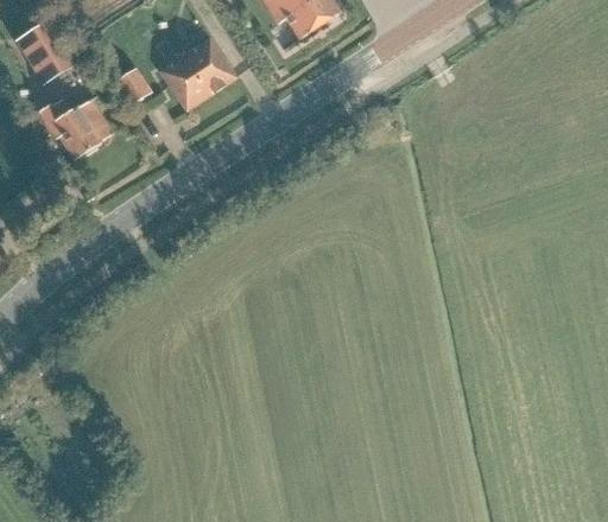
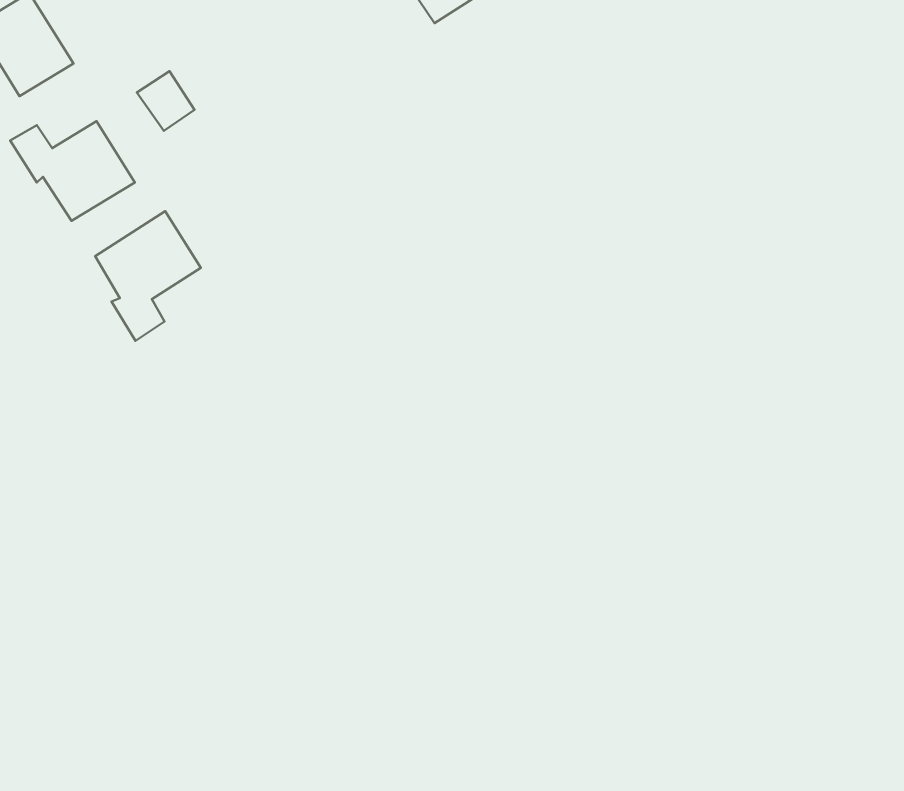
building: [159,36,236,109] -> none
building: none -> [95,211,201,341]

